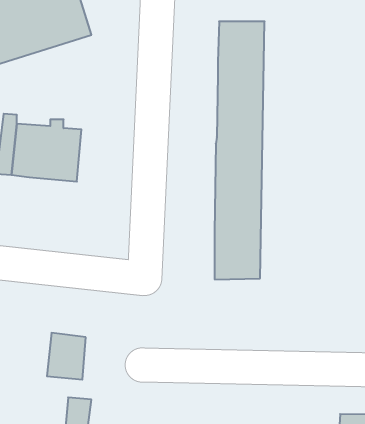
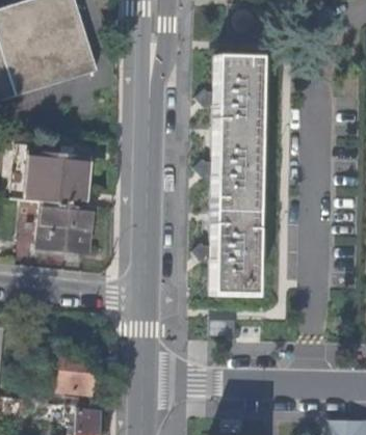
building: none -> [37,202,89,252]

